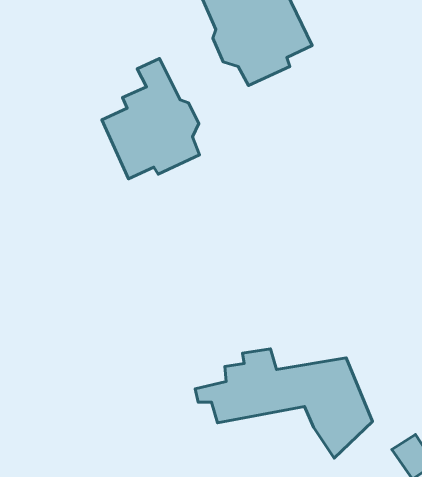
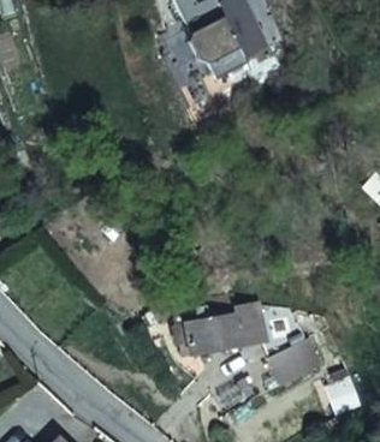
building: [102,59,199,179] -> none

